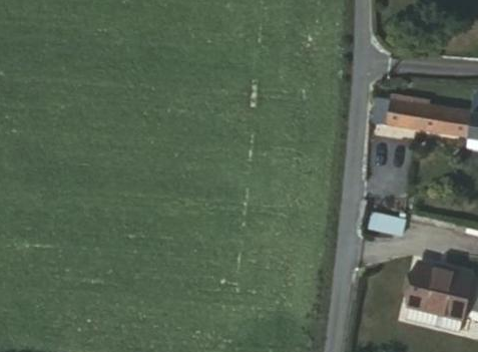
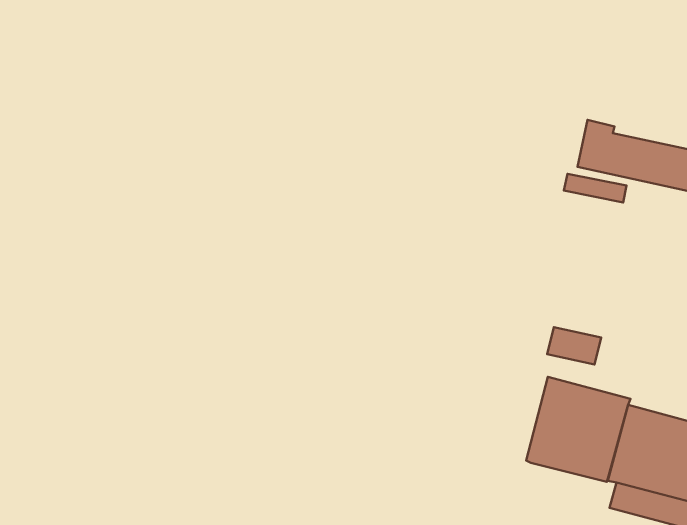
building: none -> [526,377,630,482]

